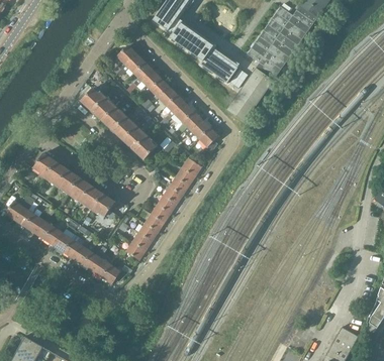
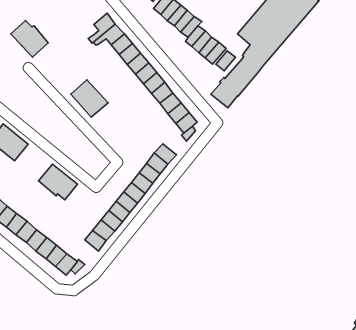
building: [81,89,115,121] -> [11,21,48,57]
building: [122,126,156,160] -> none
building: [57,169,91,202] -> none

